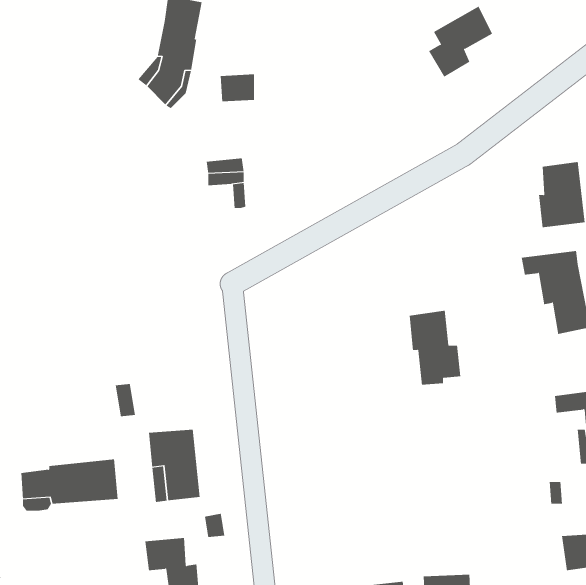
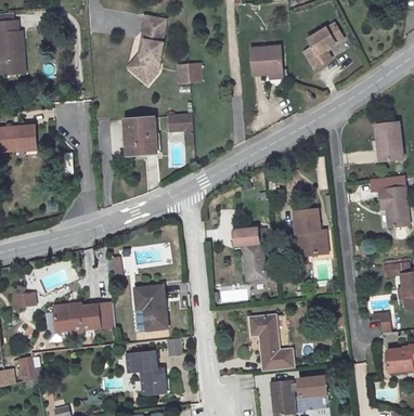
building: none -> [249,43,281,72]
building: none -> [125,117,156,154]
building: none -> [234,227,273,280]
building: none -> [249,315,292,369]

